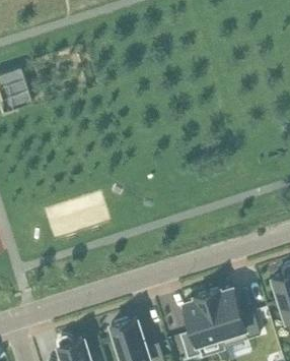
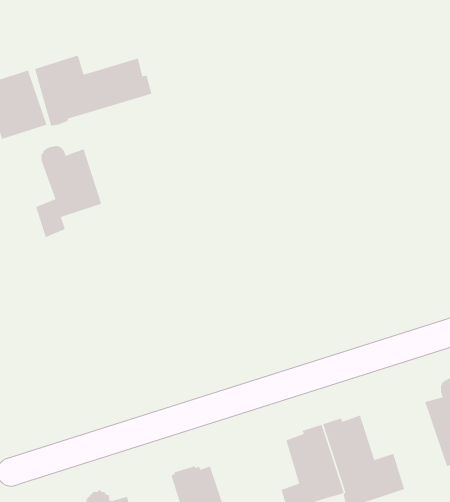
building: none -> [34,55,153,127]
building: none -> [35,145,102,238]

